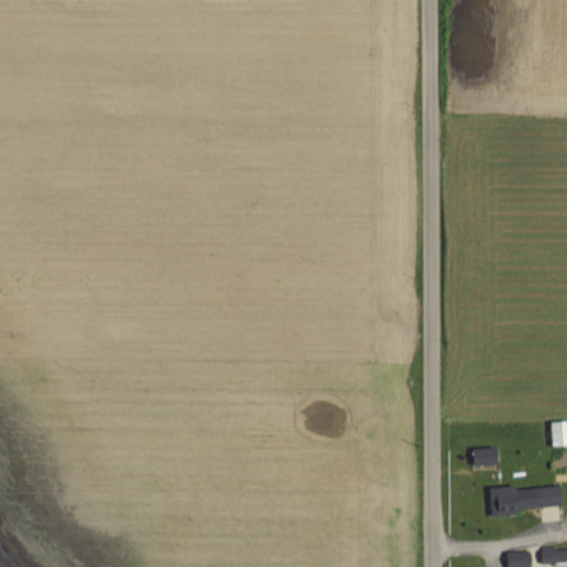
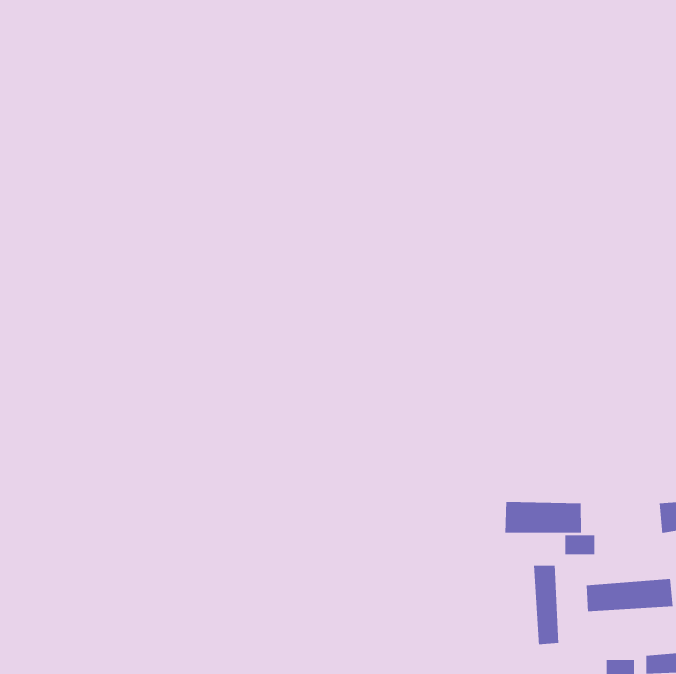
building: none -> [505,501,581,533]
building: none -> [534,565,559,645]

